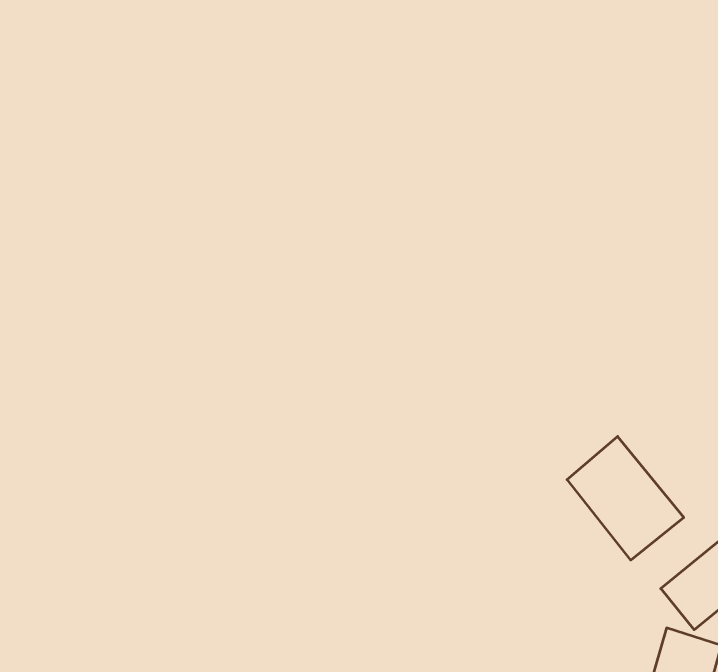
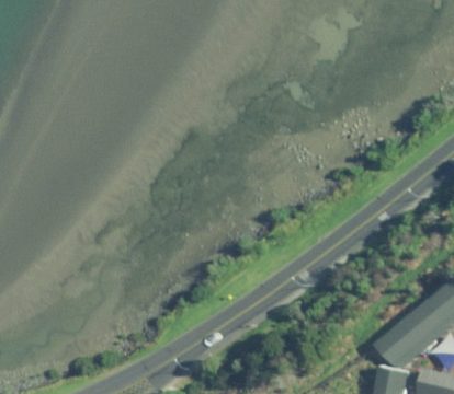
building: [567,436,684,560] -> none

